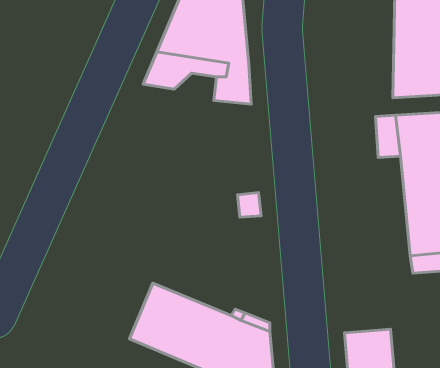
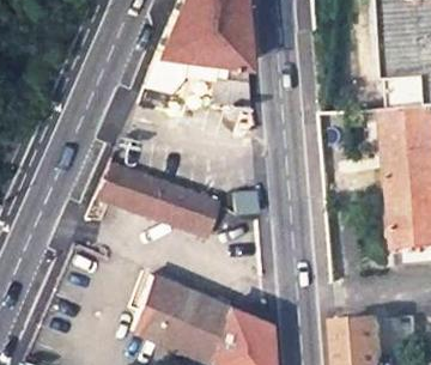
building: none -> [91,163,212,235]

